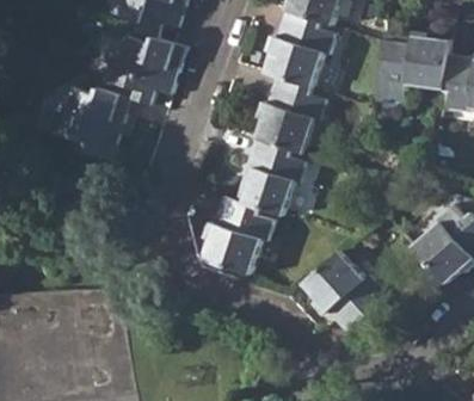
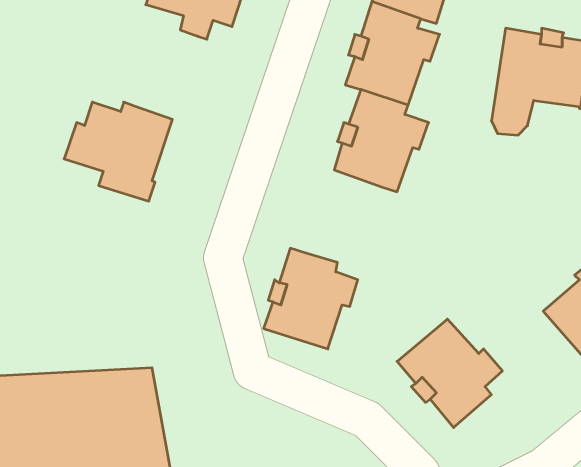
building: [91,37,186,106] -> none
building: [233,138,306,217] -> none

